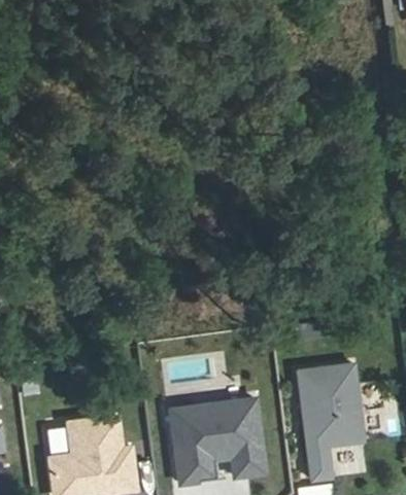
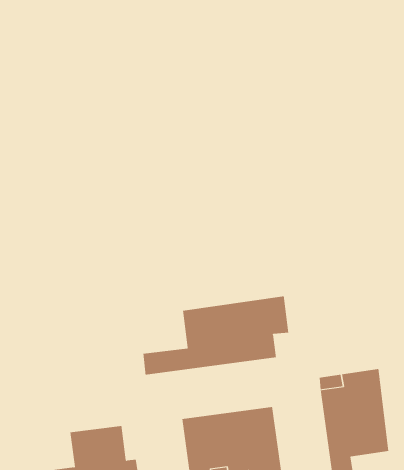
building: none -> [143,295,289,375]

